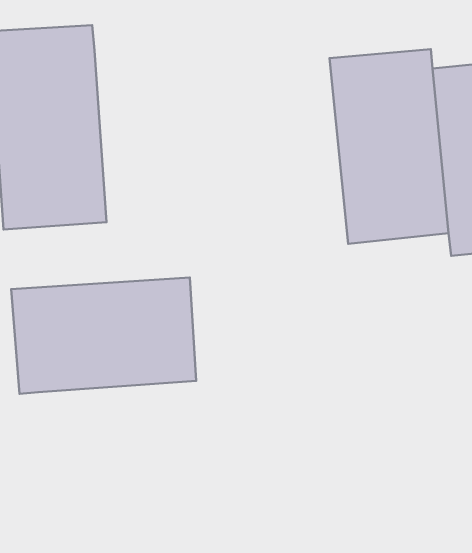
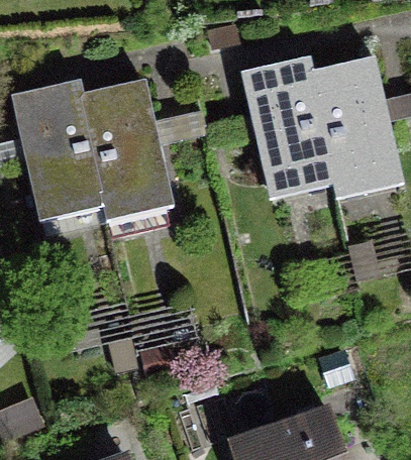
building: none -> [80,80,169,216]
building: [11,277,196,394] -> none

